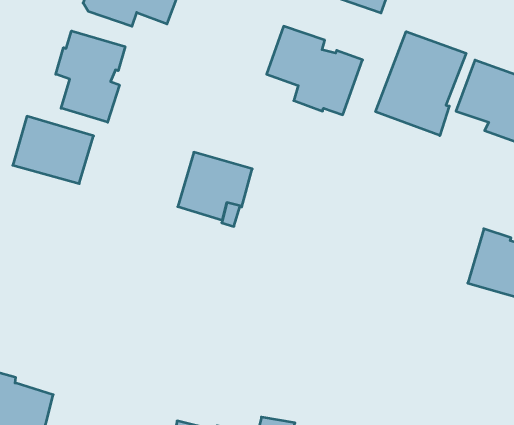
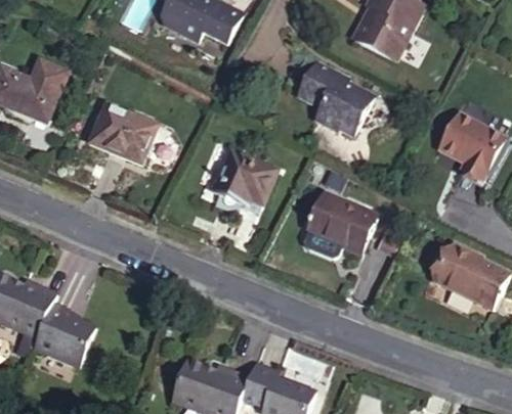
building: [56,31,125,122] -> none
building: [376,32,466,136] -> none
building: none -> [307,192,375,252]

